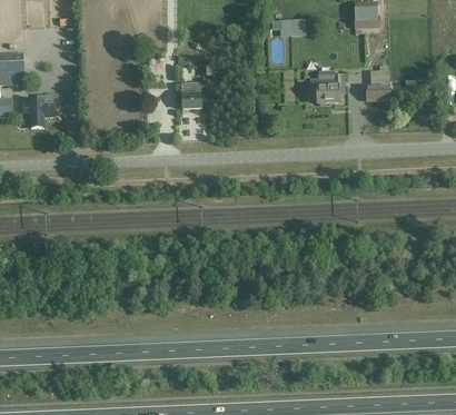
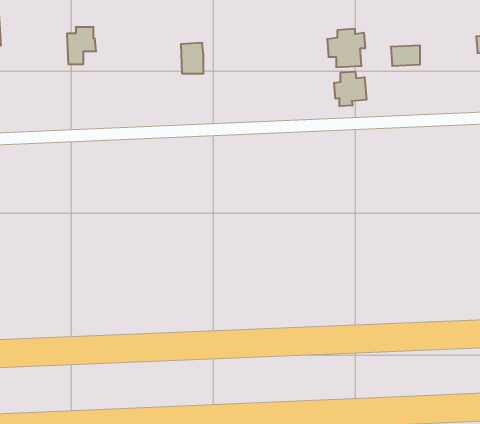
building: [29,95,54,127] -> [67,27,96,64]
building: none -> [334,71,366,106]

